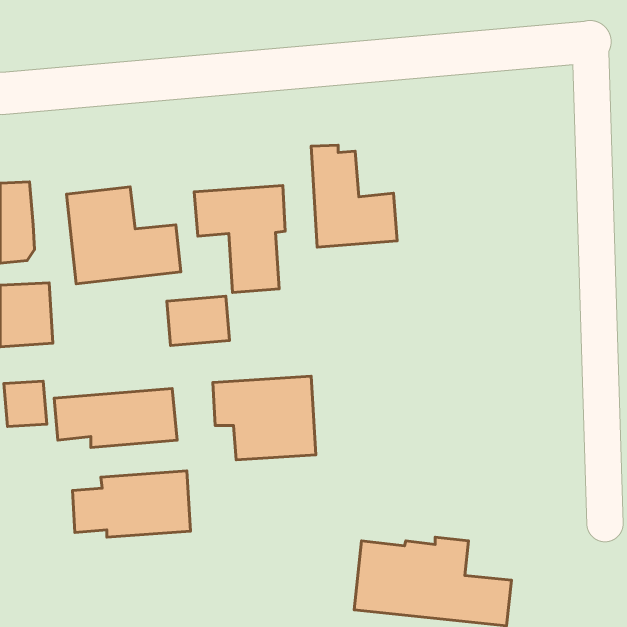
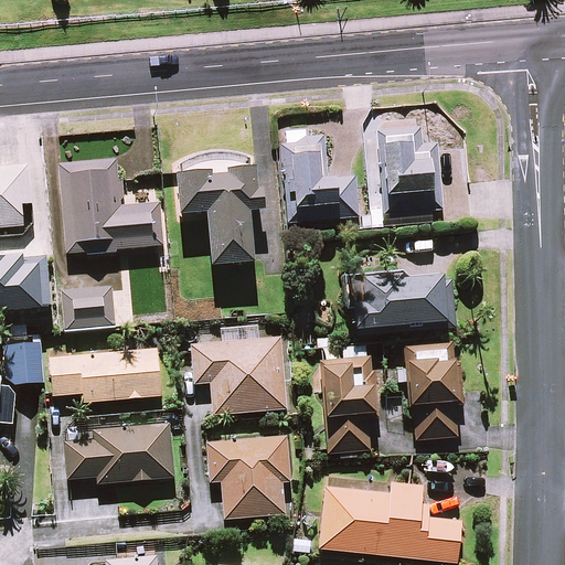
building: none -> [375,121,445,227]
building: [167,296,230,345] -> [58,286,115,330]
building: none -> [351,273,455,326]
building: none -> [404,340,466,440]
building: none -> [321,355,376,452]
building: none -> [206,436,289,518]

